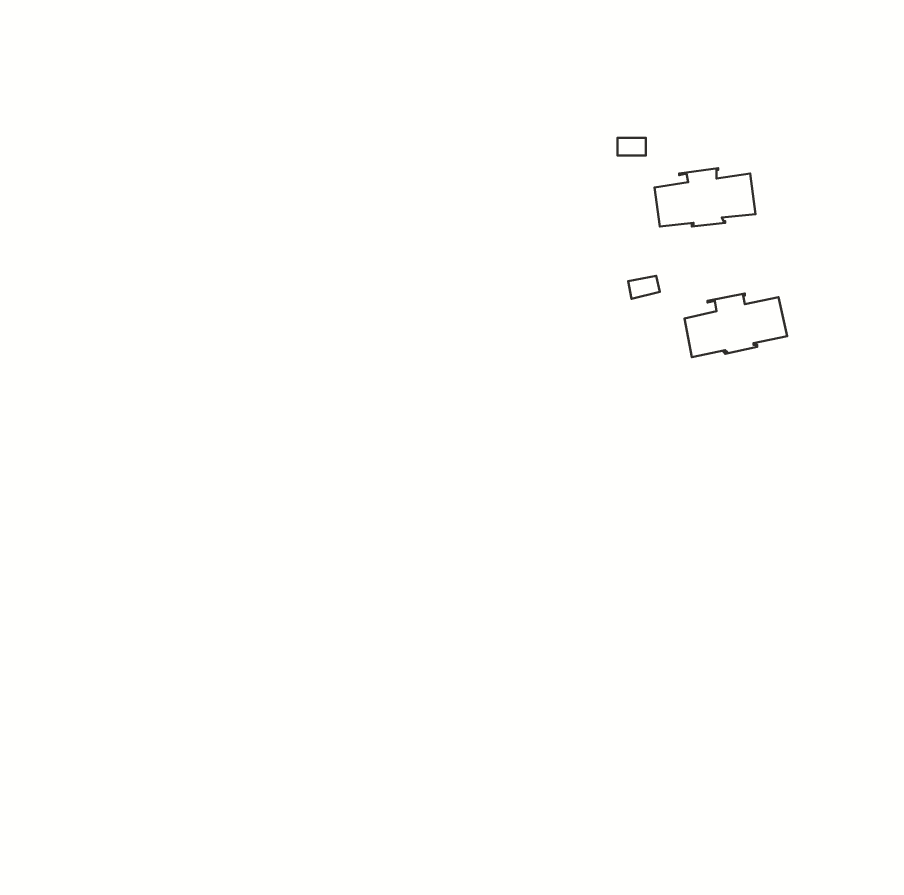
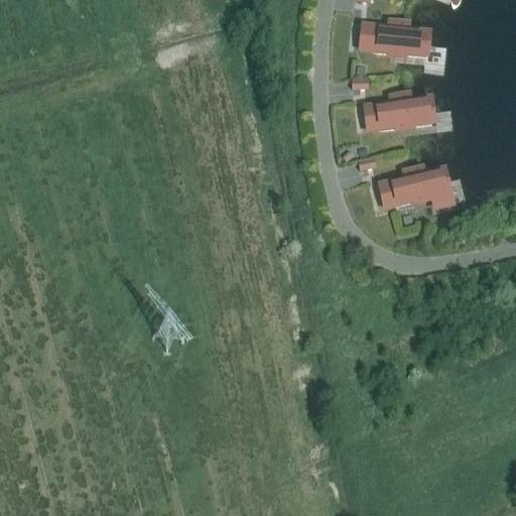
building: none -> [370,21,427,55]

